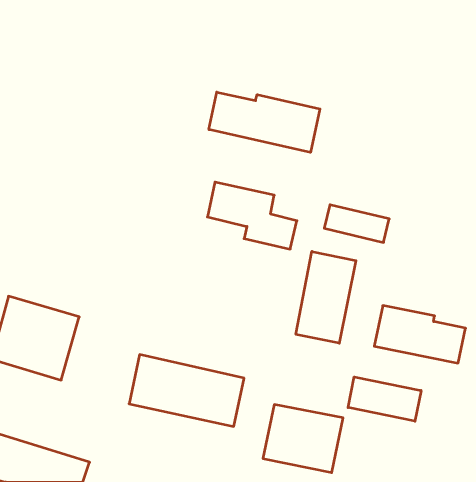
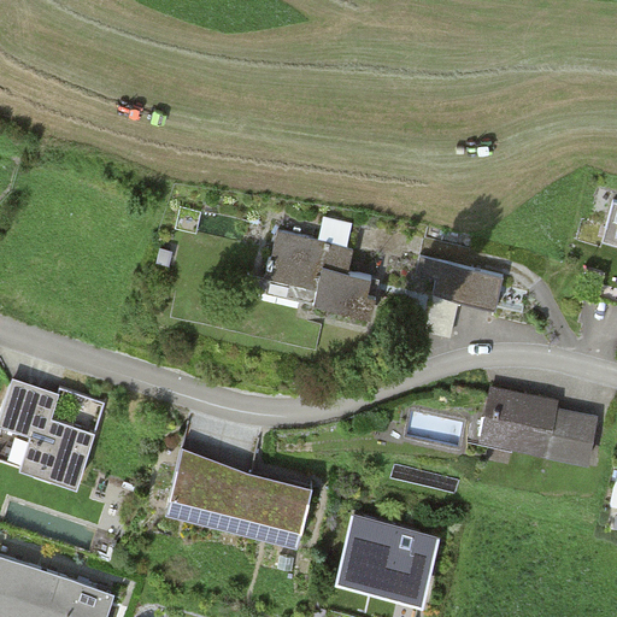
building: [209,92,320,152] -> none
building: [296,251,356,343] -> none
building: [348,377,421,421] -> none

